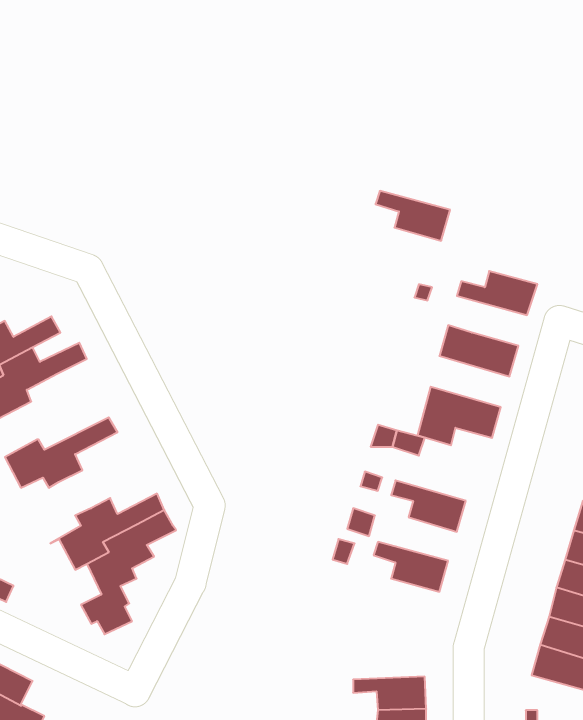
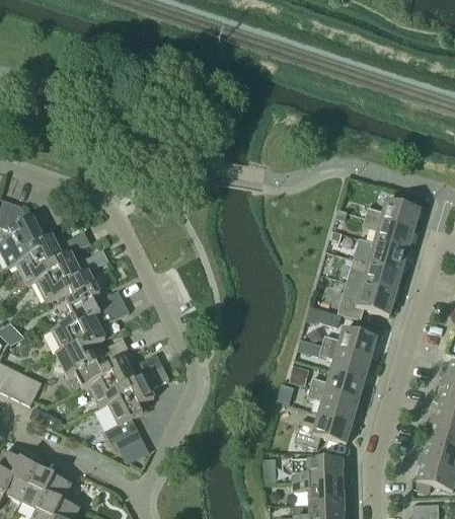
building: [375,191,450,241] -> [362,217,413,251]
building: none -> [347,258,401,294]
building: none -> [66,271,124,323]
building: none -> [322,327,377,359]
building: none -> [56,343,129,388]
building: none -> [310,370,365,400]
building: none -> [294,413,353,448]
building: none -> [292,457,343,483]

